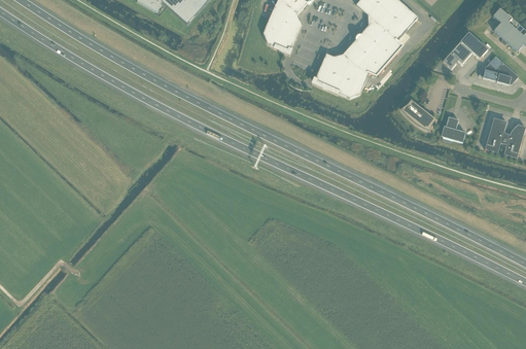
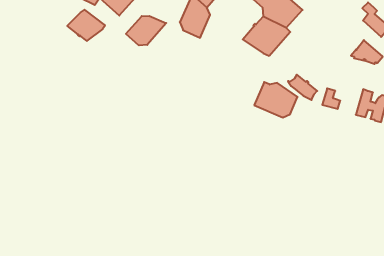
building: none -> [67,10,105,41]
building: none -> [126,16,166,45]
building: [443,30,488,66] -> none
building: [314,51,369,96] -> [254,82,298,117]

